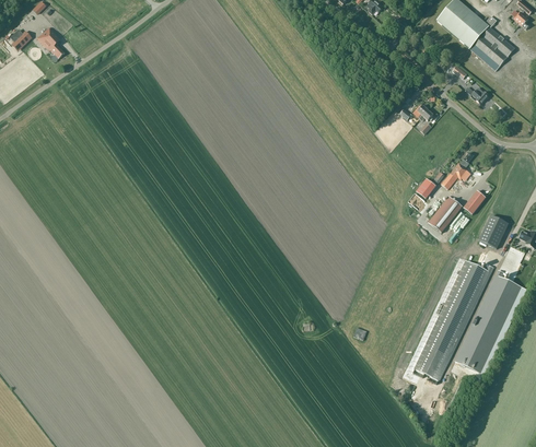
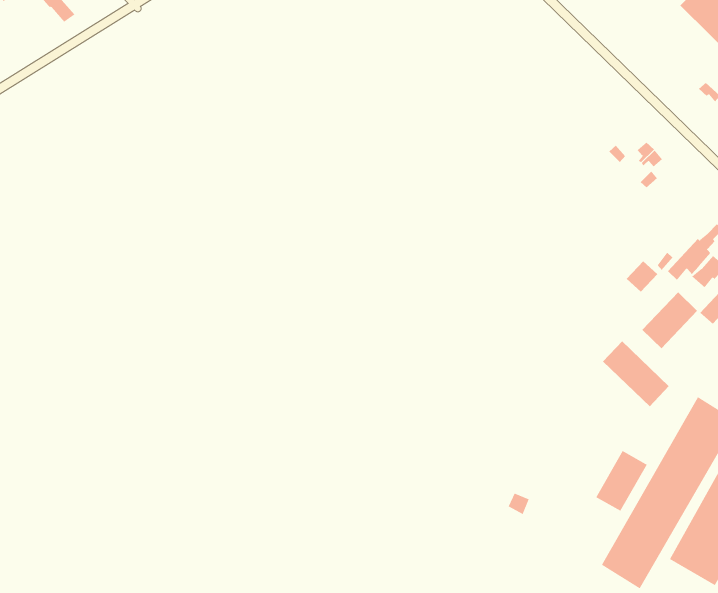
building: none -> [602,341,670,407]
building: none -> [595,450,648,512]

